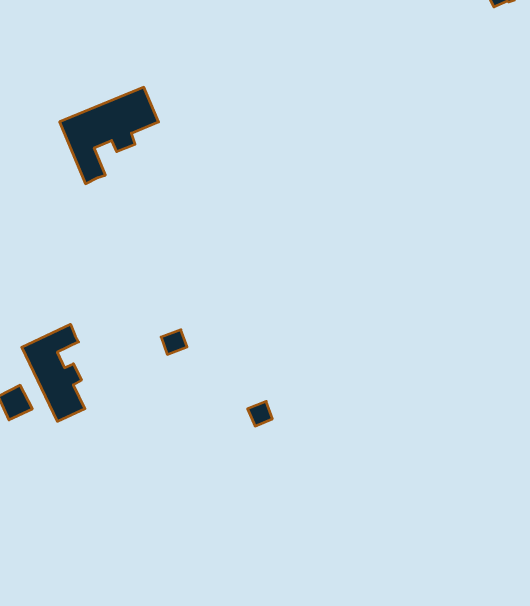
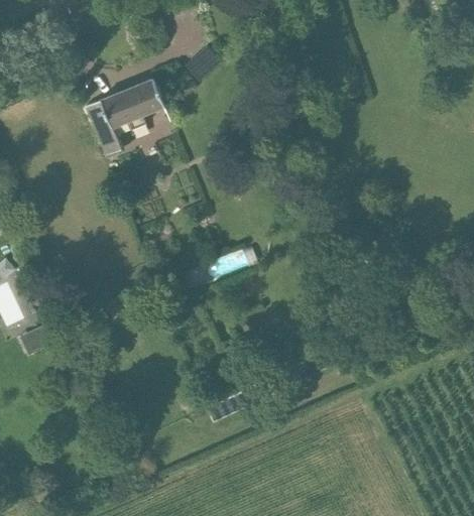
building: [22,324,85,421] -> none

